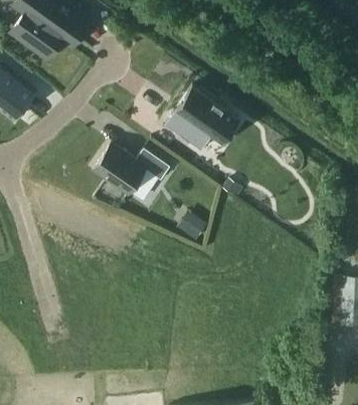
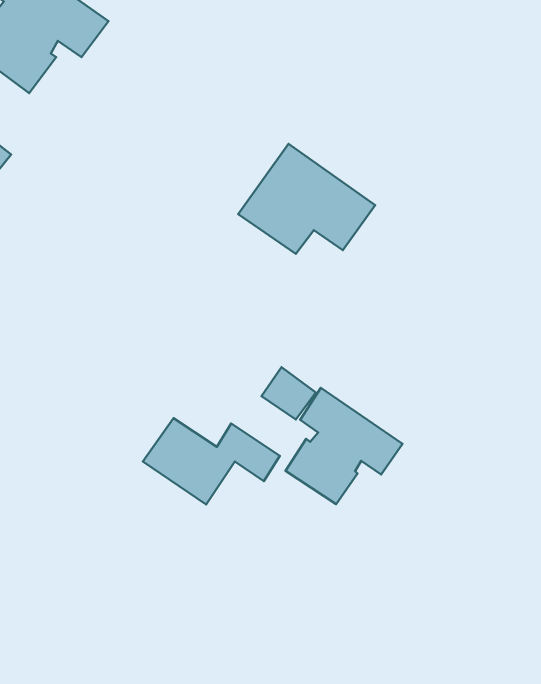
building: [95,143,171,191] -> [143,418,280,505]
building: none -> [285,388,402,504]

